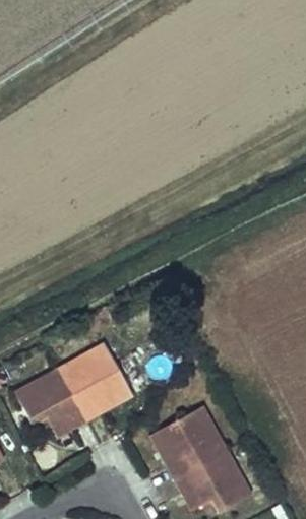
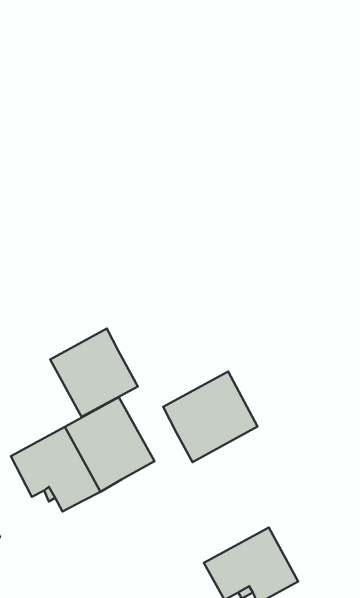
building: none -> [50,328,138,417]
building: [149,404,228,479] -> [163,371,258,462]

